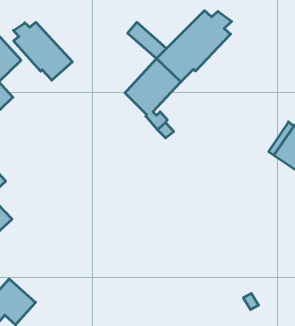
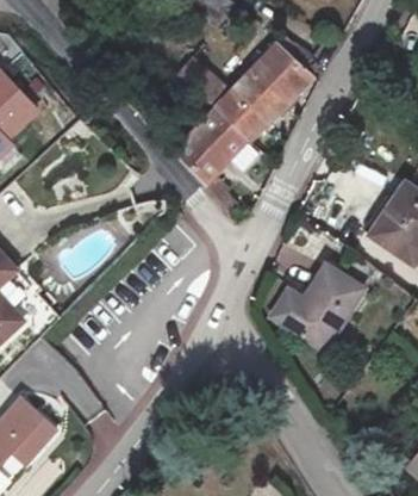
building: [13,22,72,80] -> none
building: none -> [287,264,364,351]

